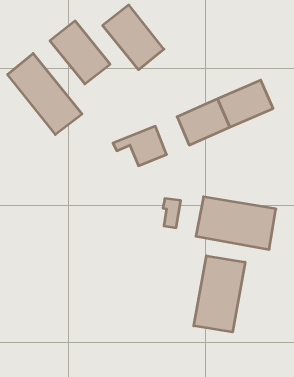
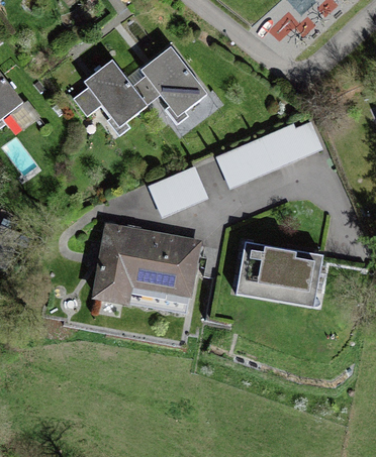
building: [8,53,82,135] -> none
building: none -> [97,230,198,315]
building: [194,256,245,332] -> none

